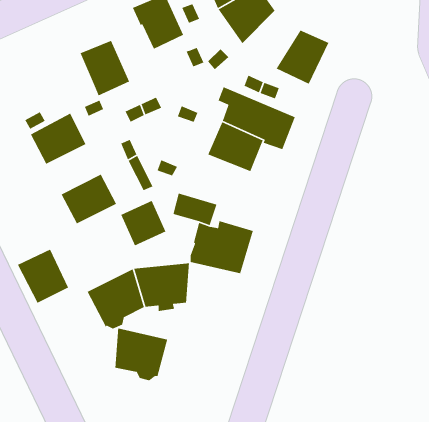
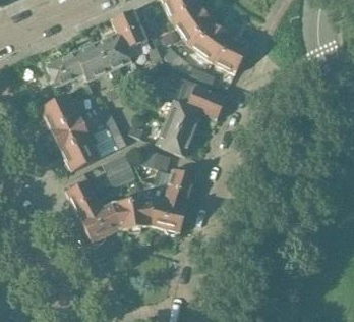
building: none -> [187,21,228,62]
building: none -> [96,32,131,77]
building: none -> [45,51,83,87]
building: none -> [50,115,88,150]
building: none -> [155,122,193,157]
building: [17,249,69,304] -> [64,179,101,218]
building: [114,327,168,381] -> [149,198,186,235]

